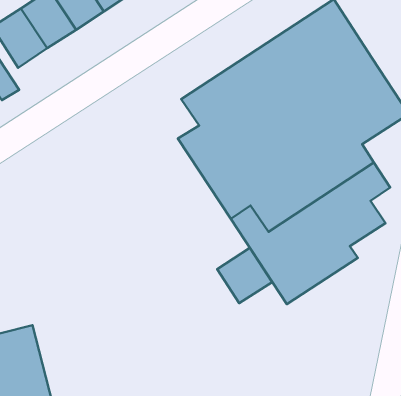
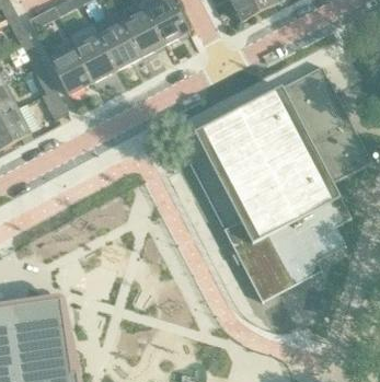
building: [217,248,272,303] -> none

